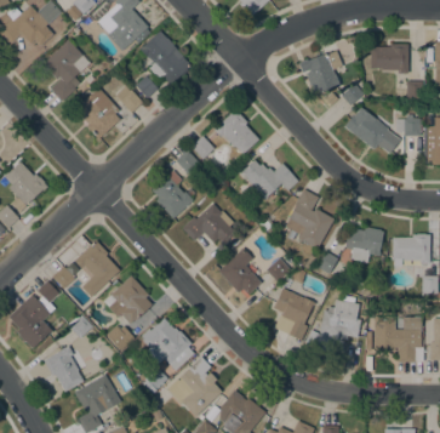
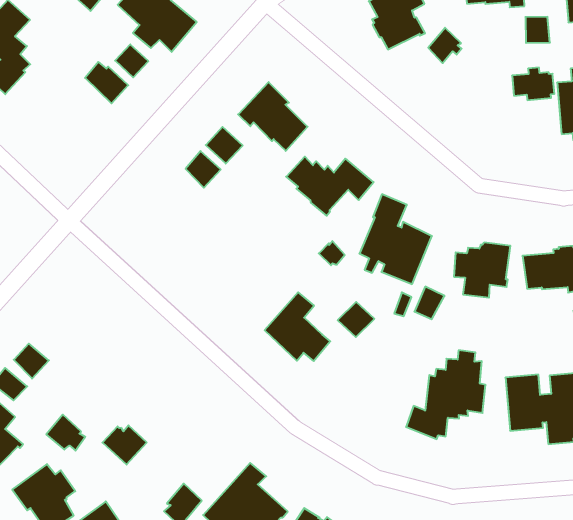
building: [75,87,120,138] -> none
building: [350,109,395,149] -> none
building: [152,170,193,218] -> none
building: [182,203,234,249] -> none
building: [74,240,119,297] -> none
building: [108,274,153,324] -> none
building: [273,287,315,340] -> none
building: [141,318,194,370] -> none

